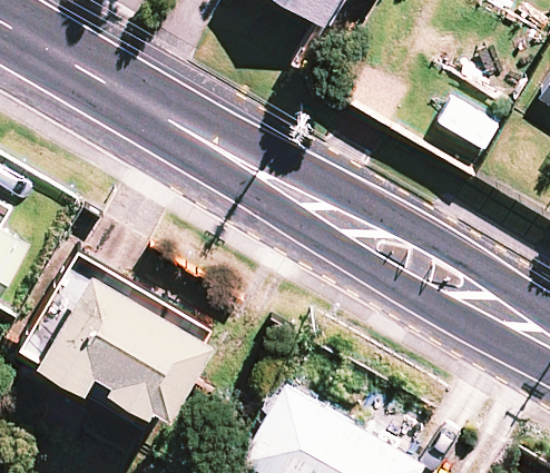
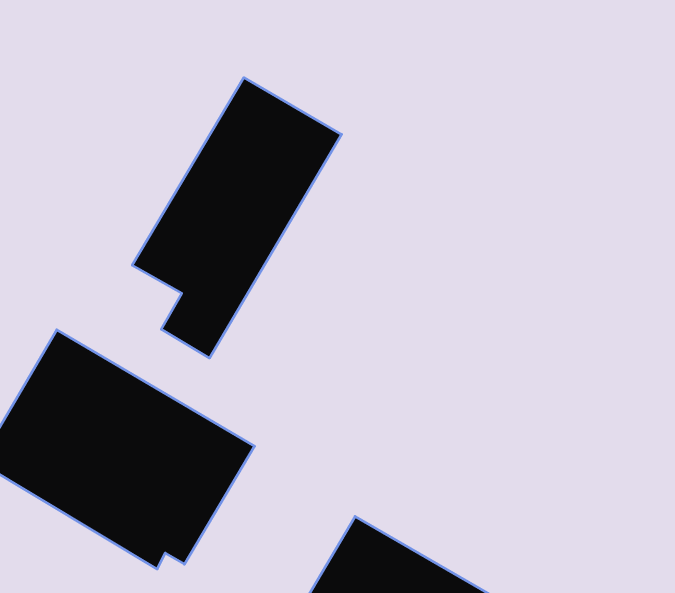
building: none -> [132,78,342,358]

